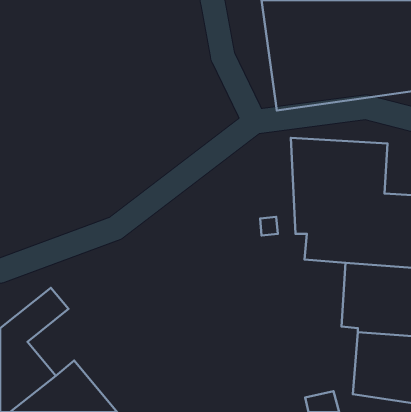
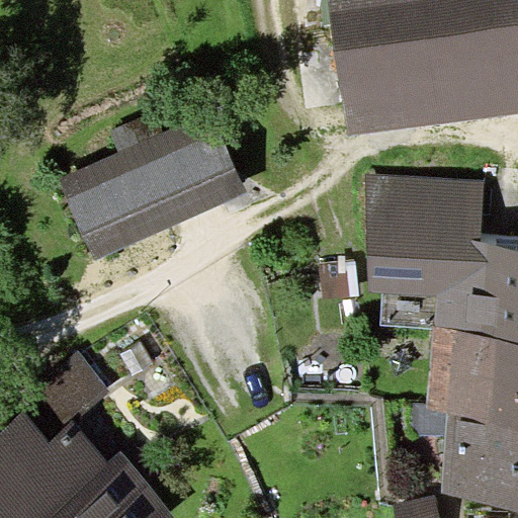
building: none -> [56,100,222,236]

